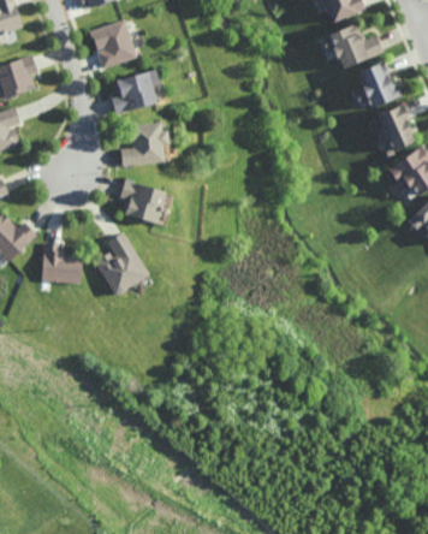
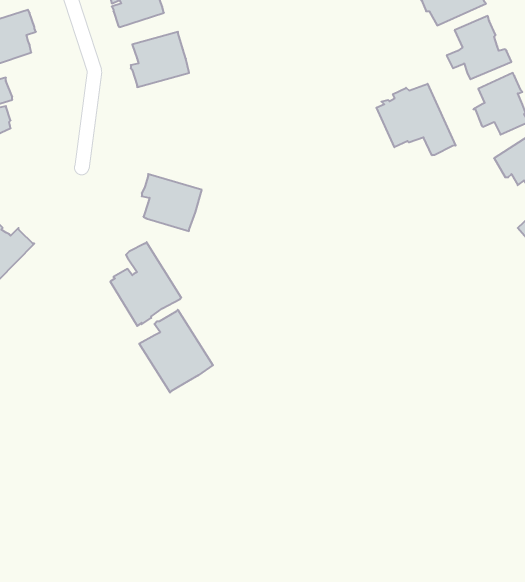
building: none -> [376,84,456,155]
building: [119,123,168,166] -> none
building: [42,242,83,283] -> none
building: none -> [139,310,213,393]

